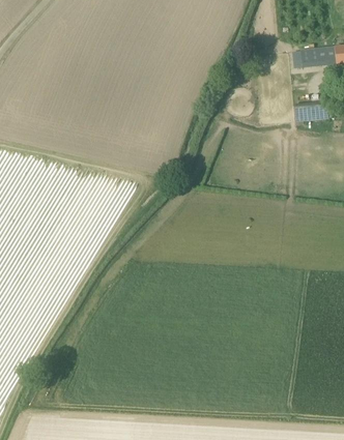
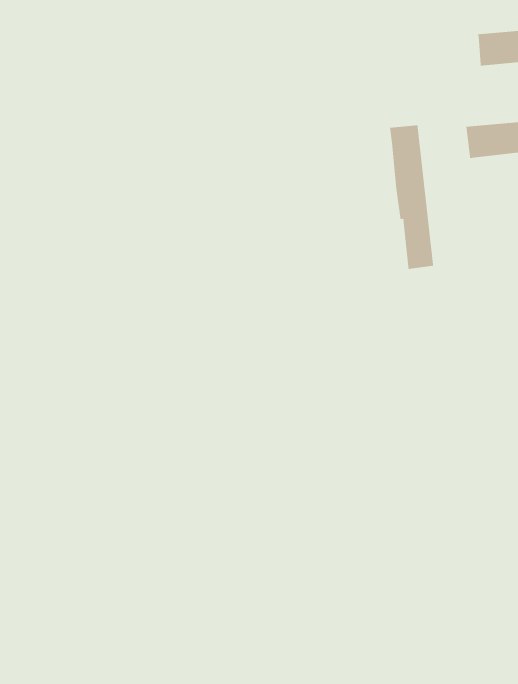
building: none -> [390,124,434,270]

